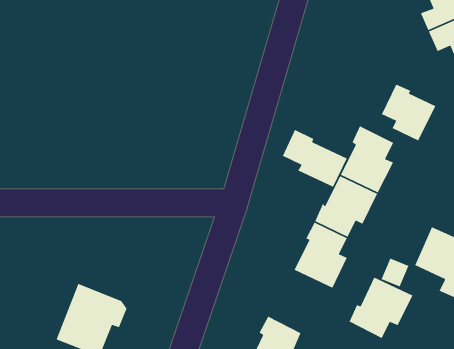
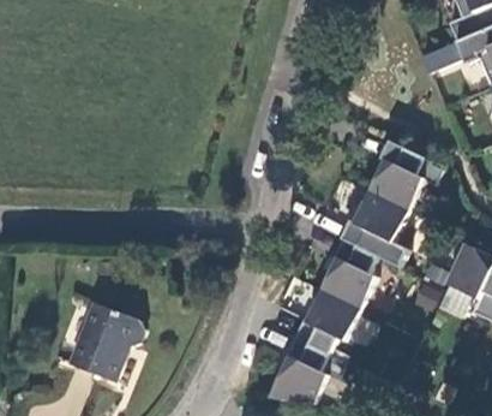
building: [381,84,436,142] -> none
building: [282,129,348,188] -> none
building: [348,276,413,339] -> [292,291,359,356]

